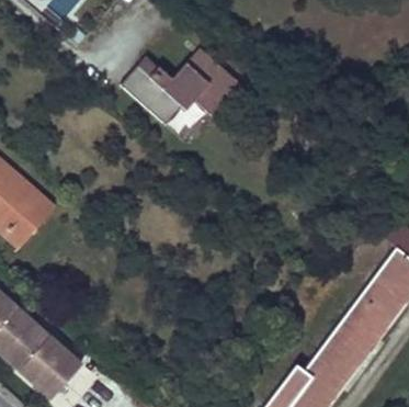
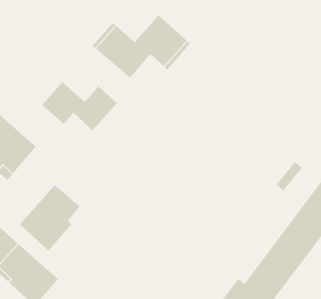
building: none -> [41,81,118,131]
building: none -> [19,184,81,251]

